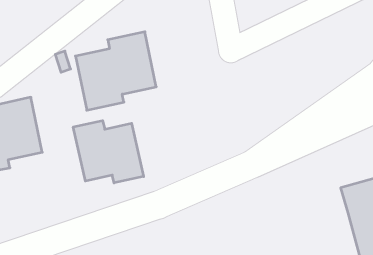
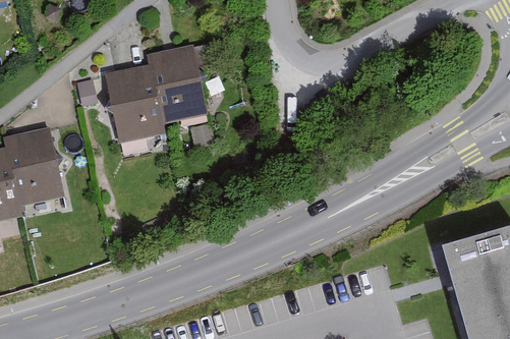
building: [73,121,144,183] -> none

